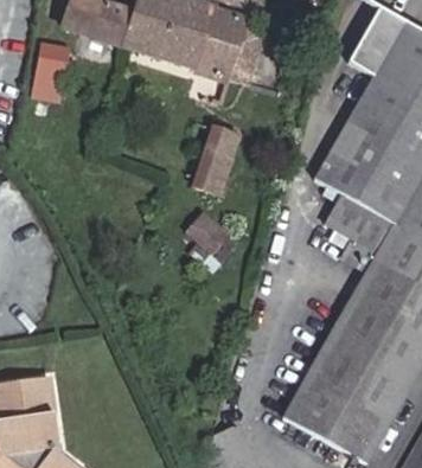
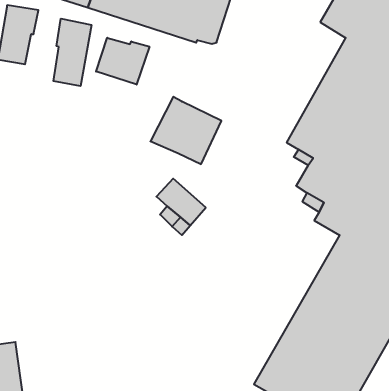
building: none -> [53,19,91,86]
building: none -> [96,38,149,85]

